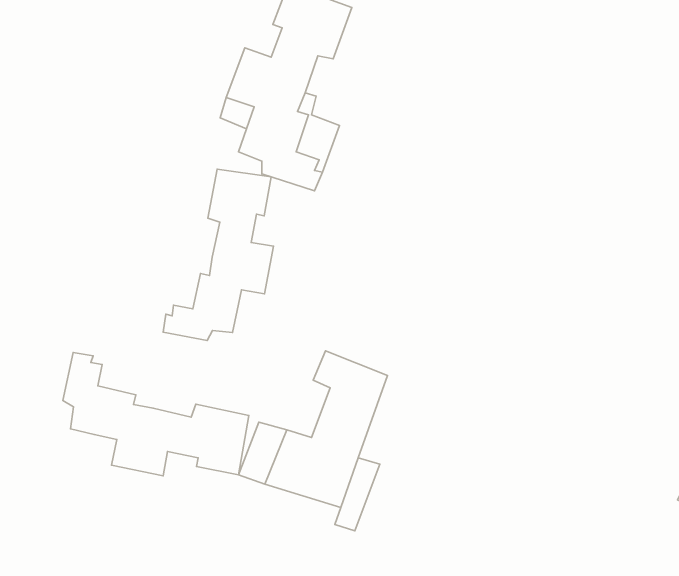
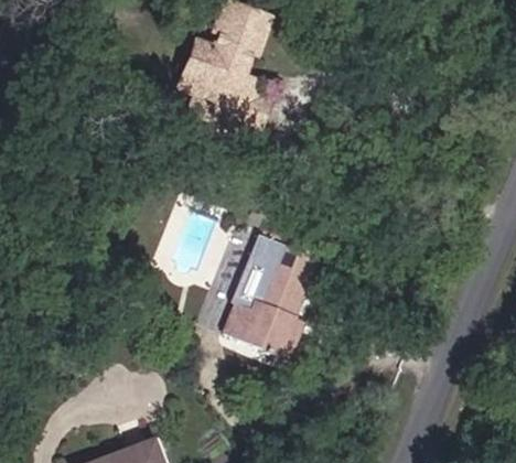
building: [163,169,273,340] -> none
building: [63,352,249,476] -> none

